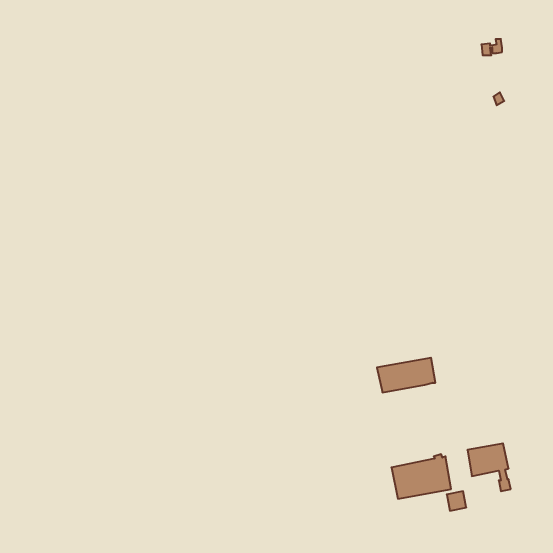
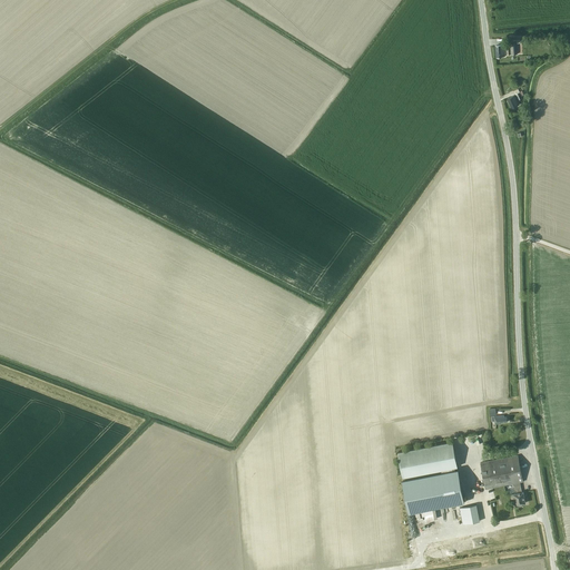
building: [377,358,435,392] -> [396,442,456,478]

